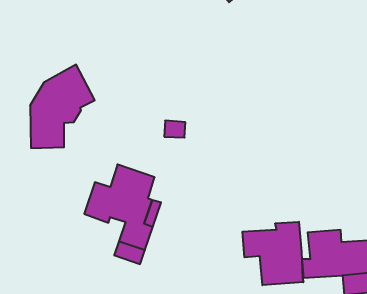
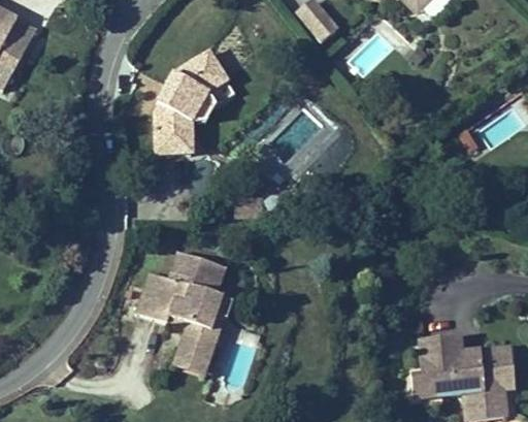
building: [30,65,95,148] -> [153,47,235,154]
building: [243,222,303,285] -> none

